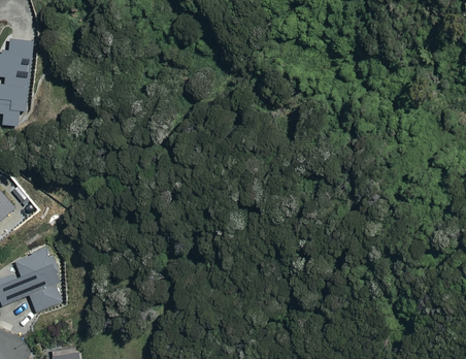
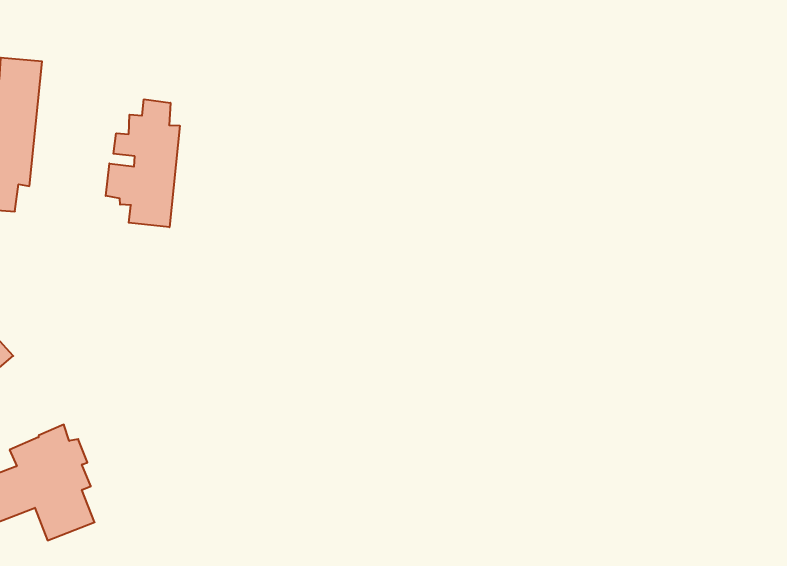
building: none -> [106,99,180,227]

